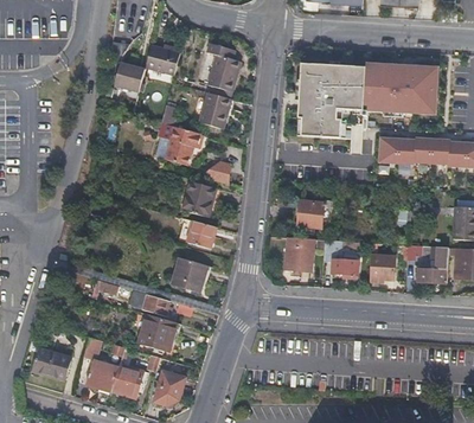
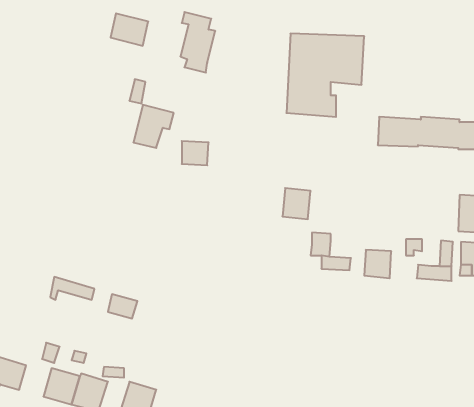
building: [367,62,443,115] -> none
building: [114,64,145,94] -> none
building: [198,92,230,128] -> none
building: [182,181,219,217] -> none
building: [187,220,217,248] -> none
building: [286,237,312,270] -> none
building: [174,258,204,294] -> none
building: [137,313,178,352] -> none

